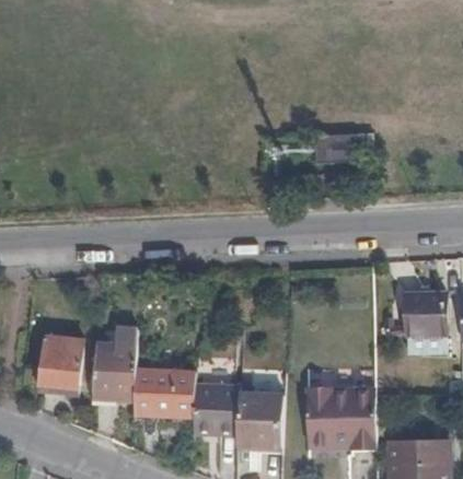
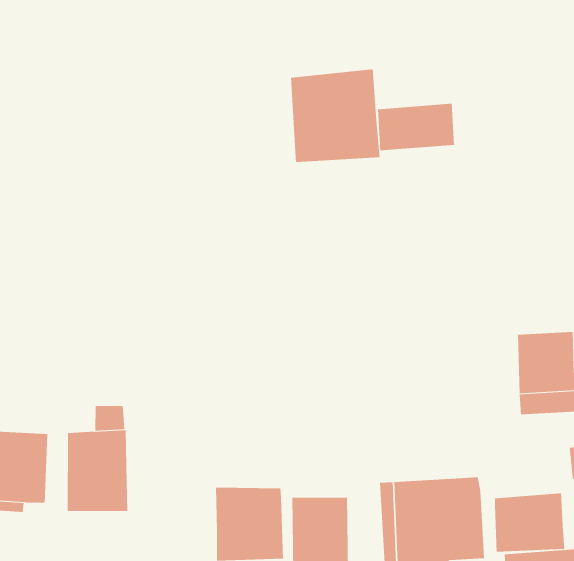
building: none -> [291,68,380,163]
building: [134,367,195,414] -> none
building: none -> [494,492,565,553]

